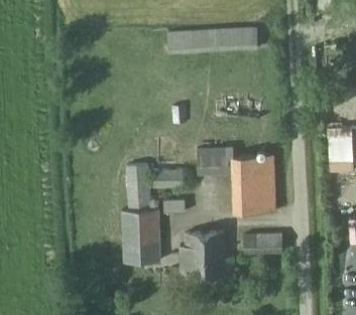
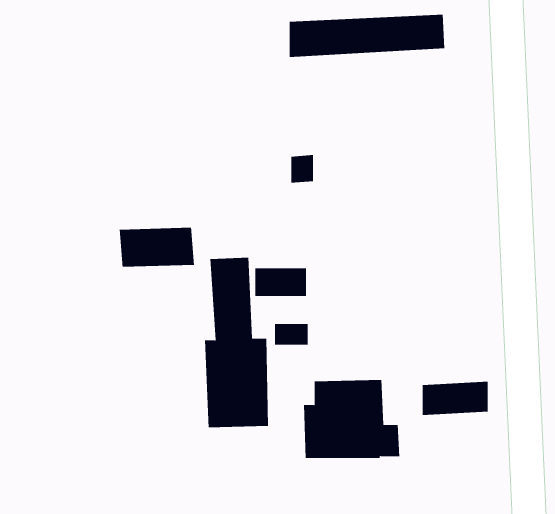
building: none -> [119,227,194,268]
building: [196,149,276,214] -> none

